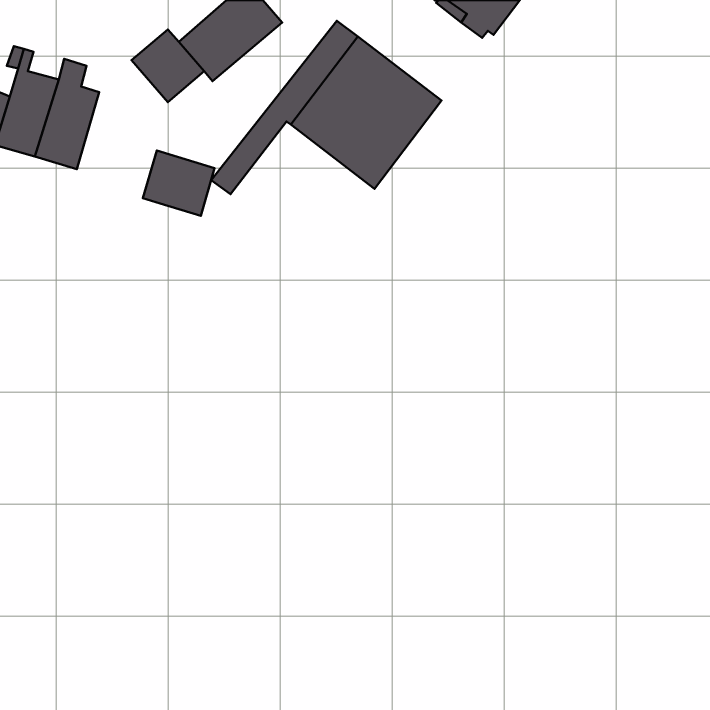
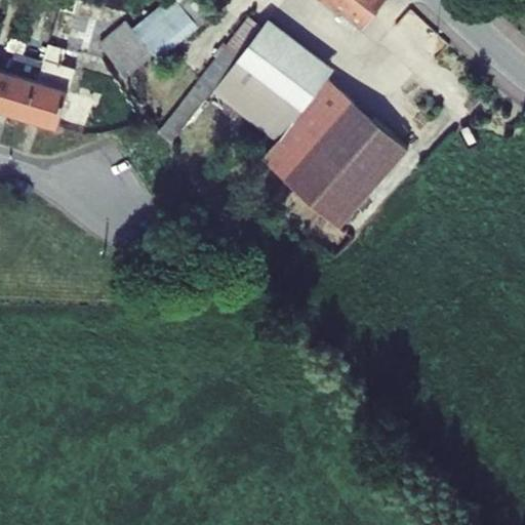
building: none -> [275,77,346,158]
building: none -> [283,102,406,228]
building: [143,151,215,216] -> none

